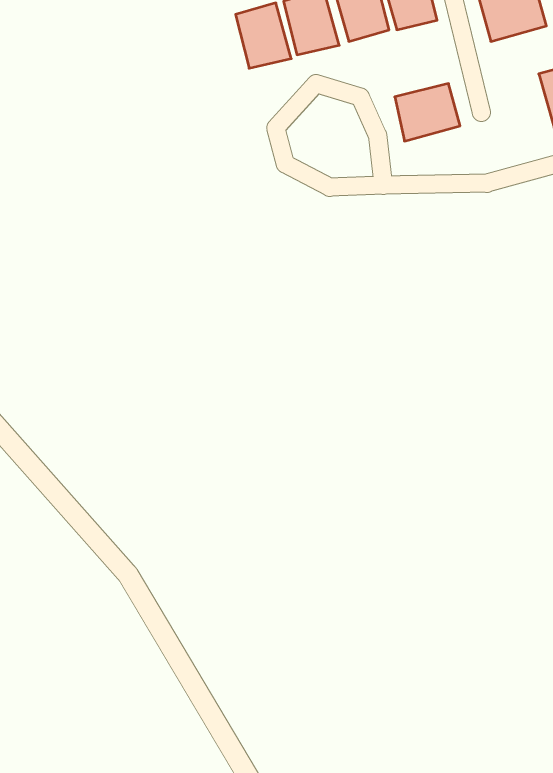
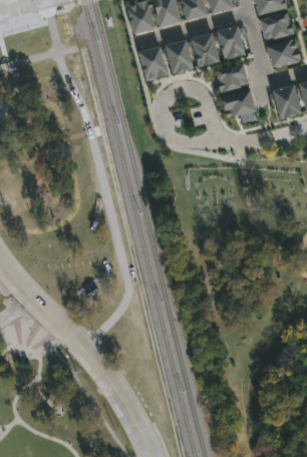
building: none -> [214,63,249,93]
building: none -> [272,85,301,119]

